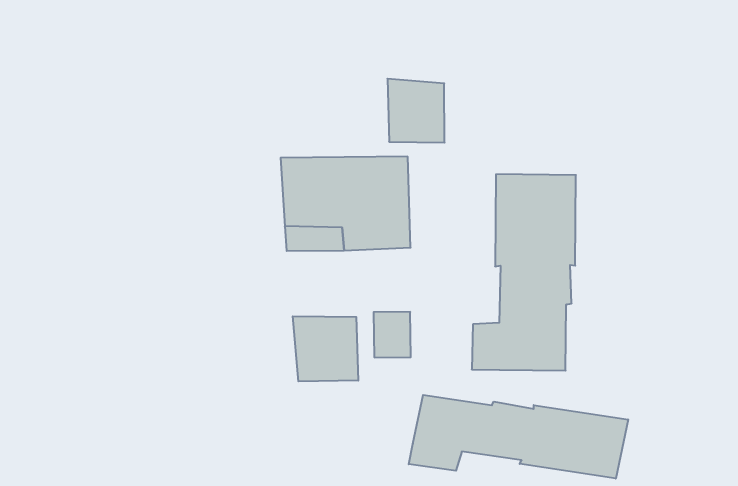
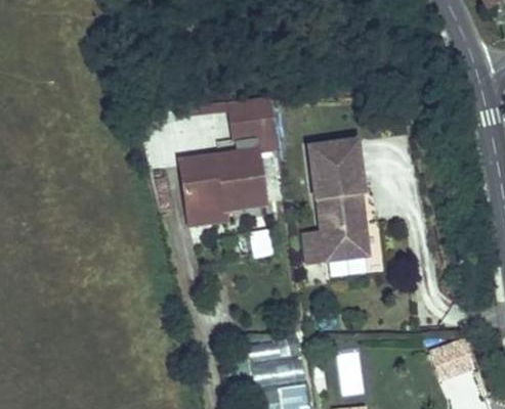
building: [293,316,358,381] -> none
building: [409,395,628,479] -> none

